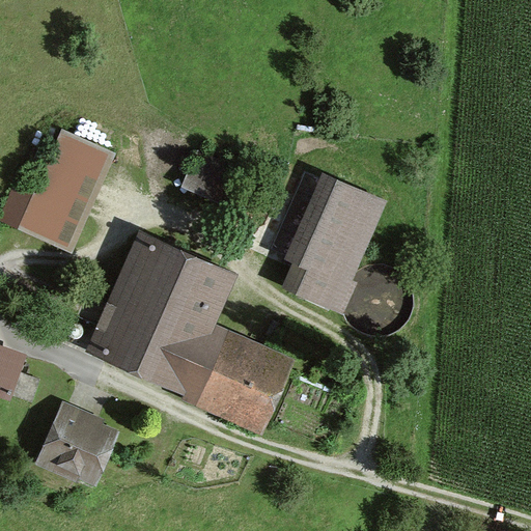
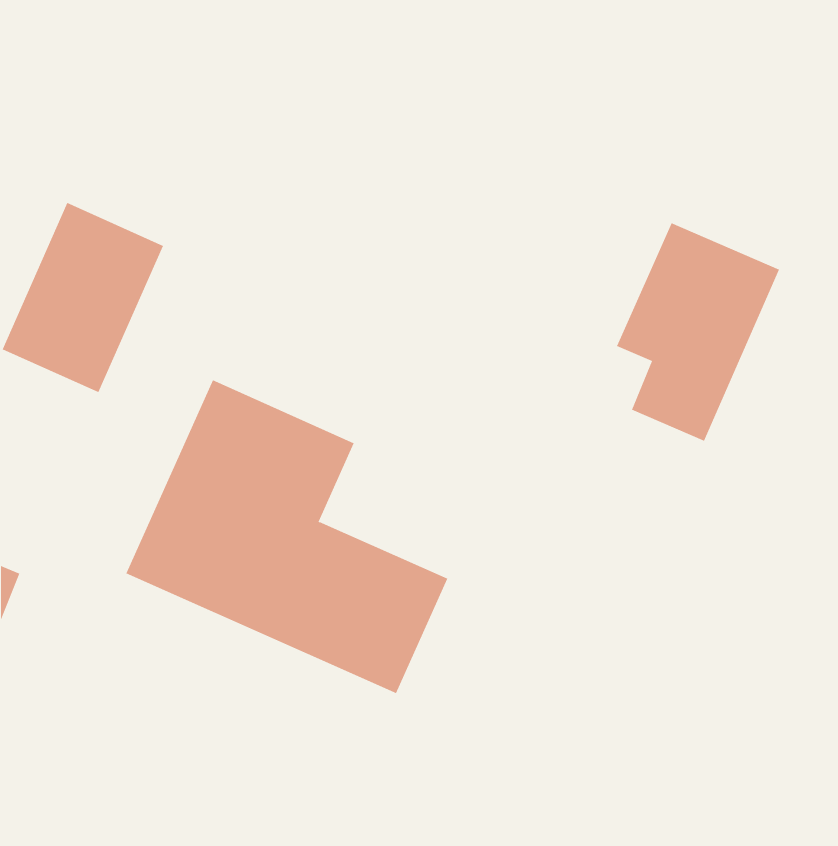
building: [283,171,385,307] -> [616,223,780,442]
building: [39,406,118,479] -> none

